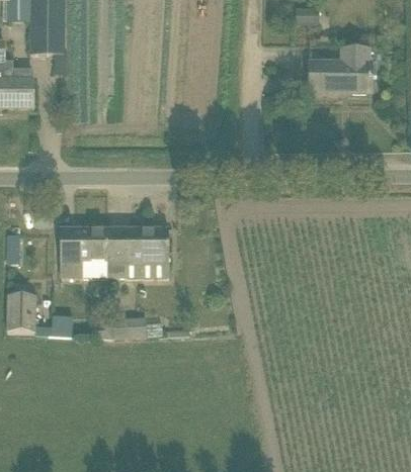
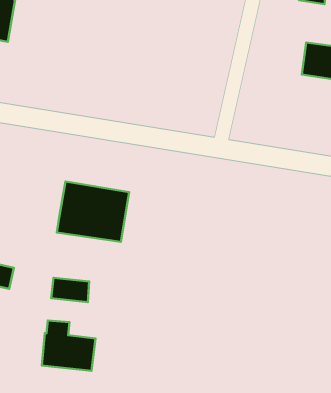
building: [61,226,107,275] -> none
building: none -> [42,320,95,371]

